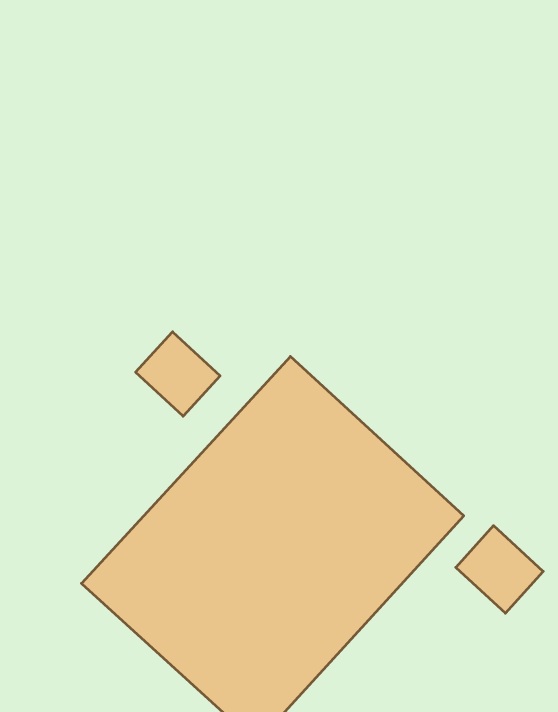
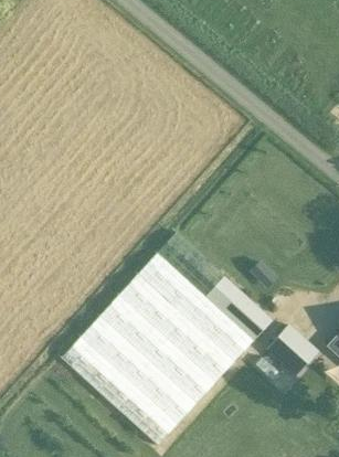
building: [136,332,220,416] -> none

